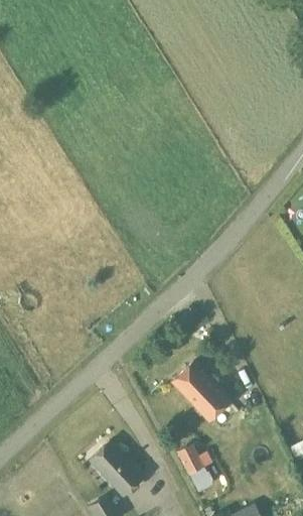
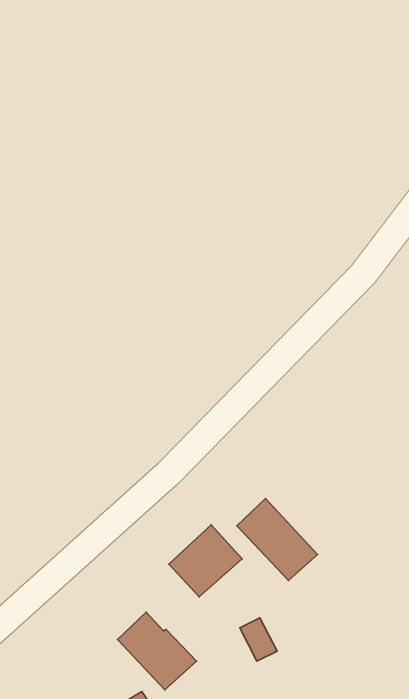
building: none -> [169,525,242,597]

